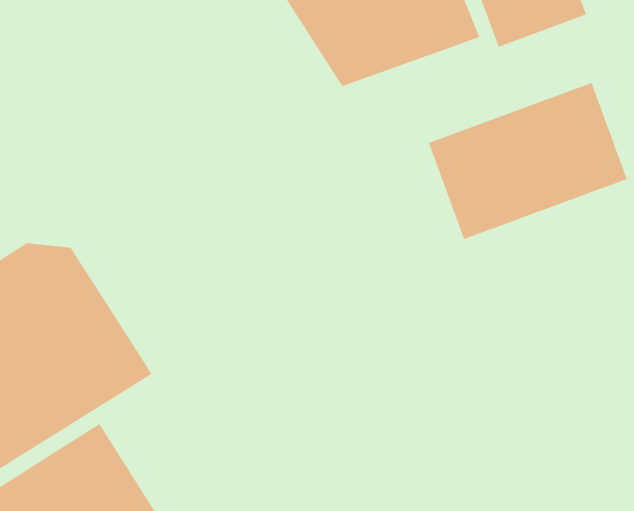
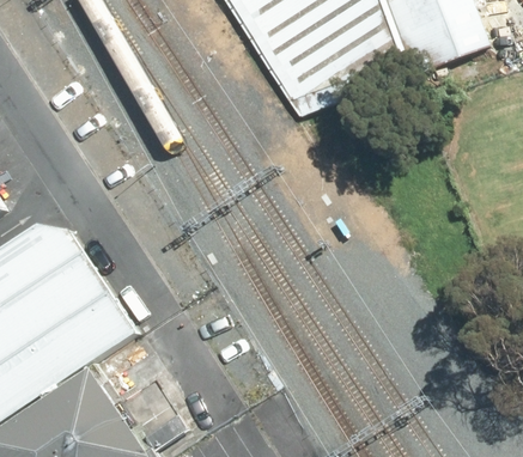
building: [428,82,627,240] -> none

